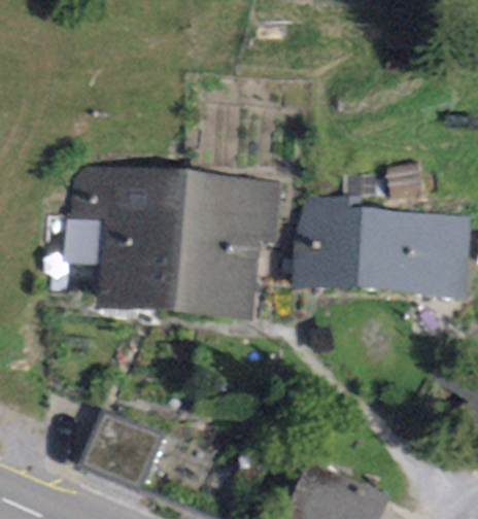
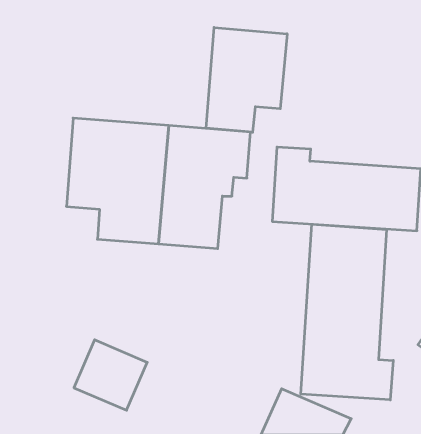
building: none -> [206,27,287,132]
building: none -> [301,224,393,400]

